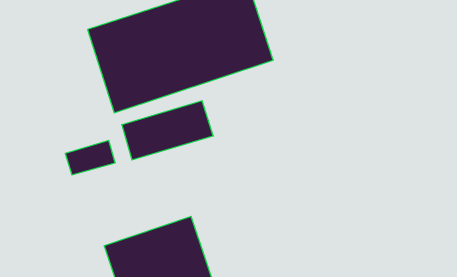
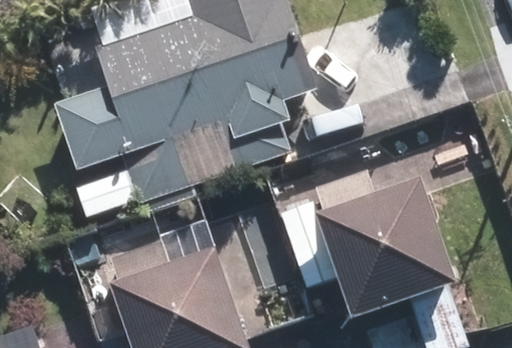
building: none -> [320,178,450,311]

